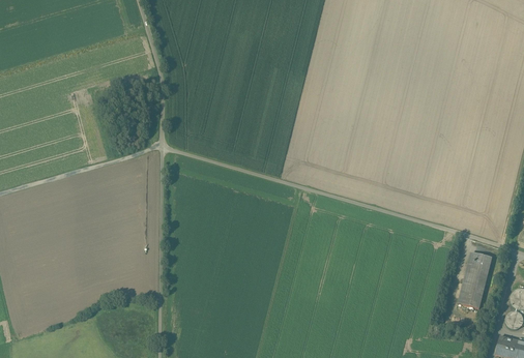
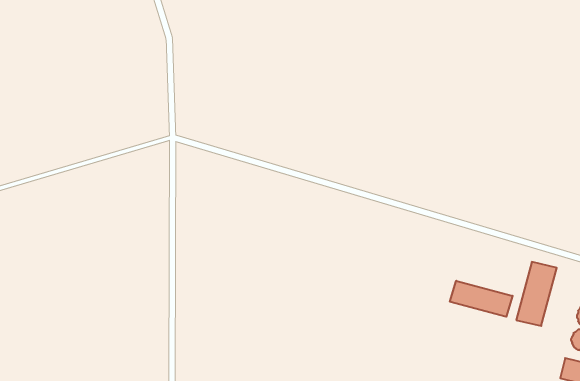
building: none -> [450,281,513,317]

